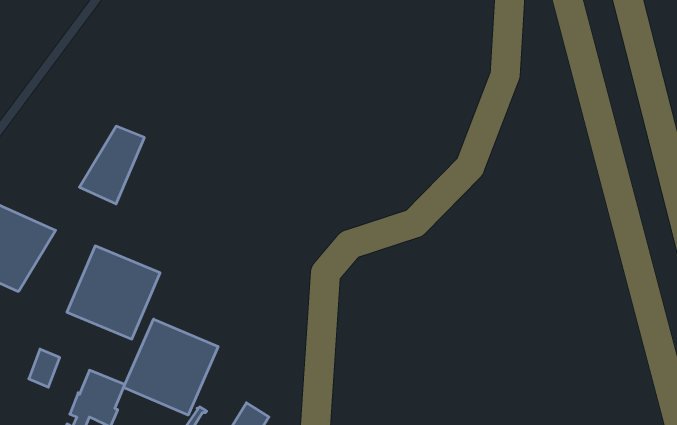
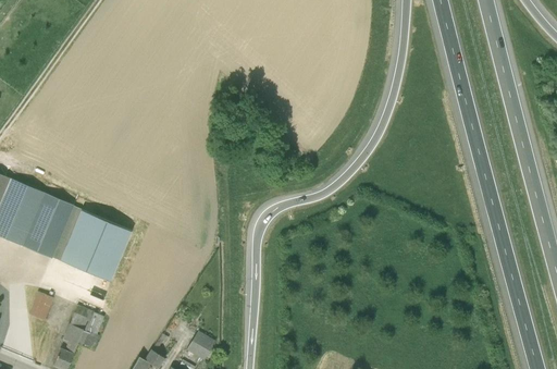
building: [79,126,144,204] -> [23,197,73,257]
building: [124,319,218,415] -> none

